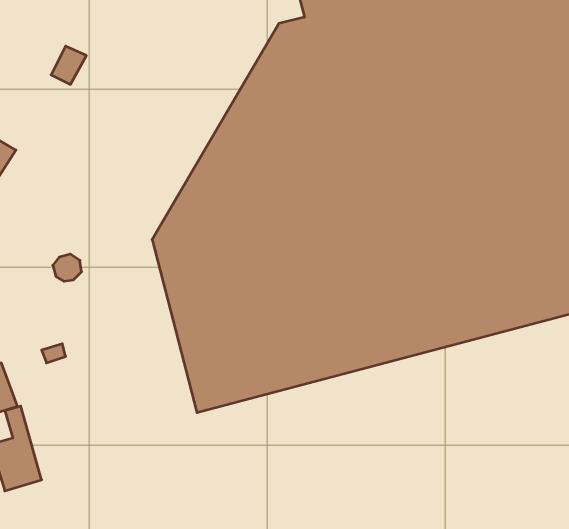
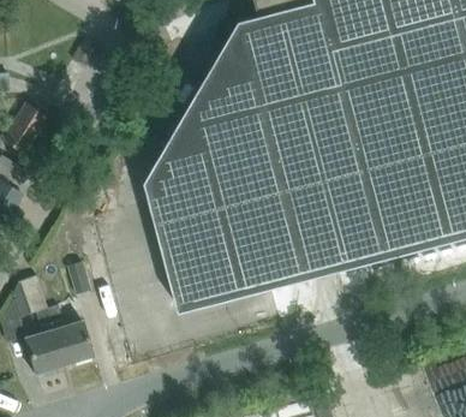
building: none -> [49,305,94,363]

